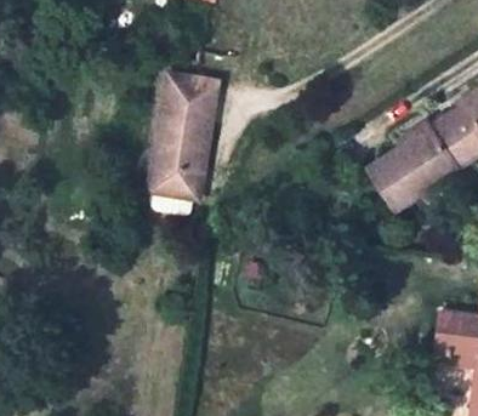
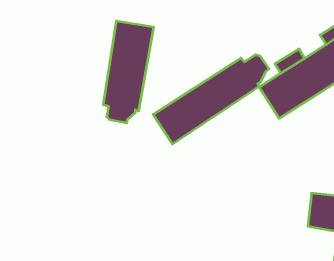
building: none -> [153,55,269,144]

